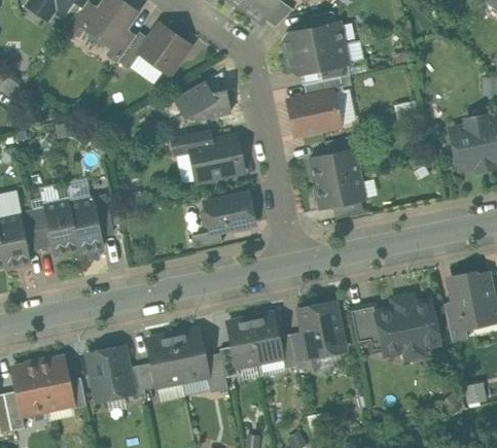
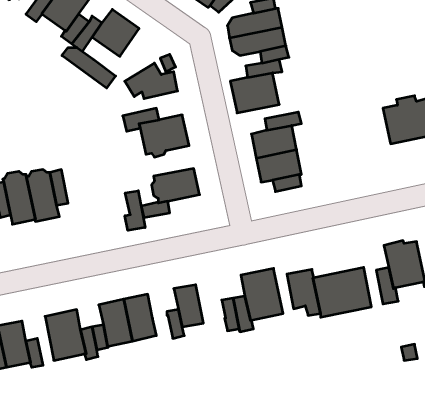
building: none -> [62,47,116,88]
building: none -> [125,191,145,230]
building: [250,315,282,361] -> none
building: [204,353,227,393] -> none

